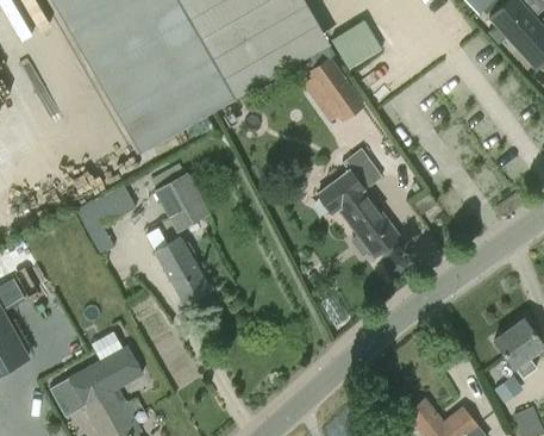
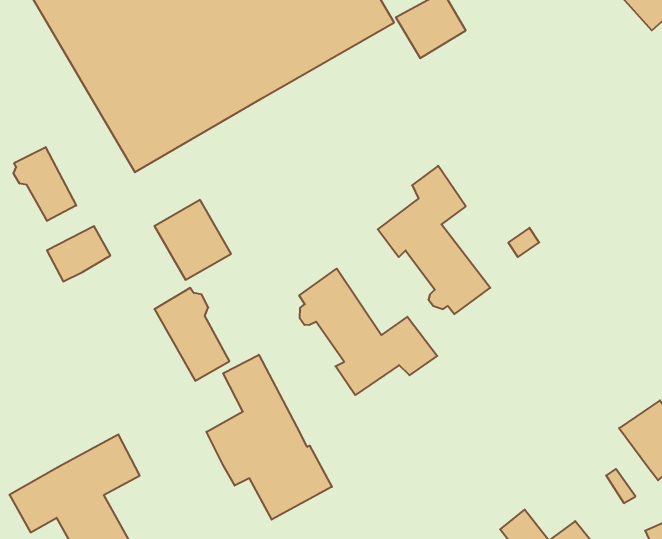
building: [307,55,365,120] -> none
building: none -> [14,147,76,221]
building: none -> [299,269,437,395]
building: none -> [206,355,332,520]

